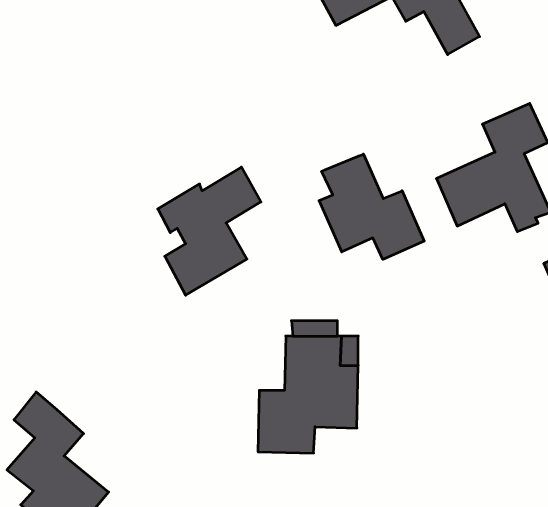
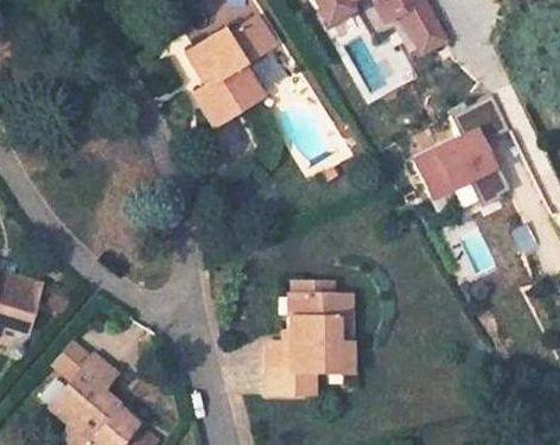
building: [319,154,424,259] -> none
building: [158,167,261,295] -> [180,17,268,126]

